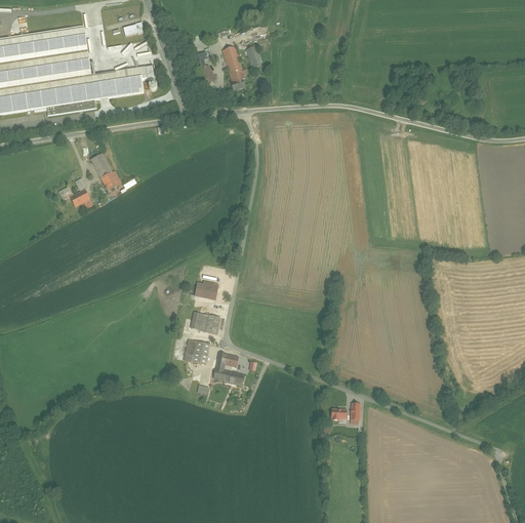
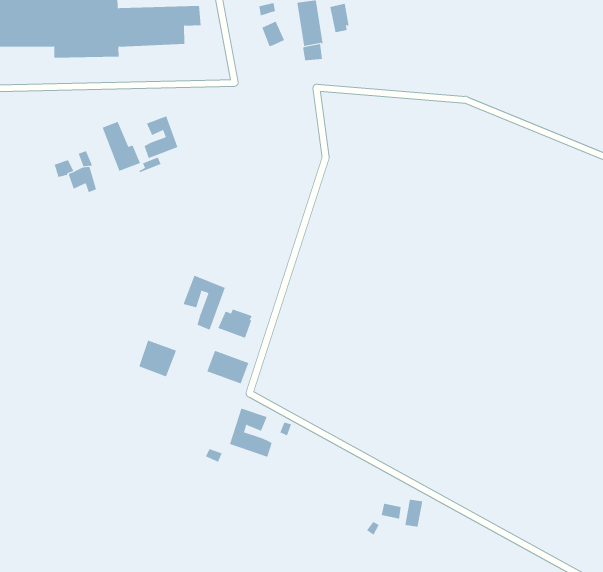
building: none -> [144,115,178,159]
building: none -> [183,275,226,330]
building: [184,339,210,365] -> [138,340,177,377]

